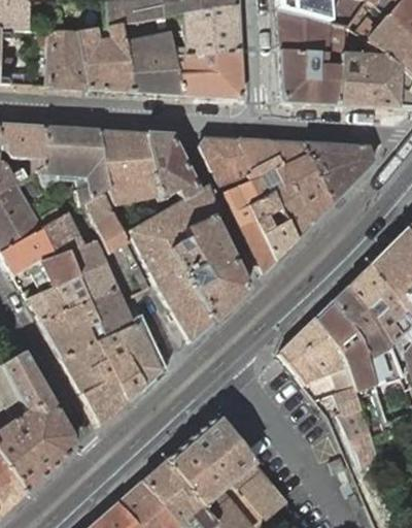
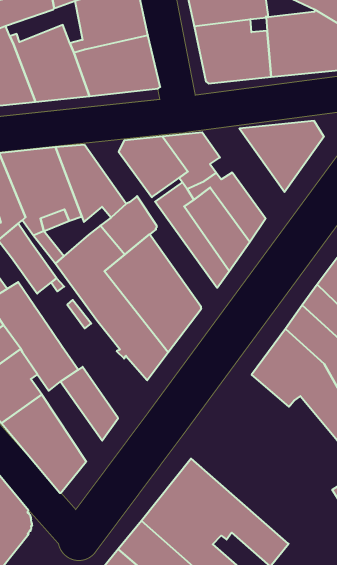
building: [272,140,333,222] -> none
building: [93,321,144,401] -> none

